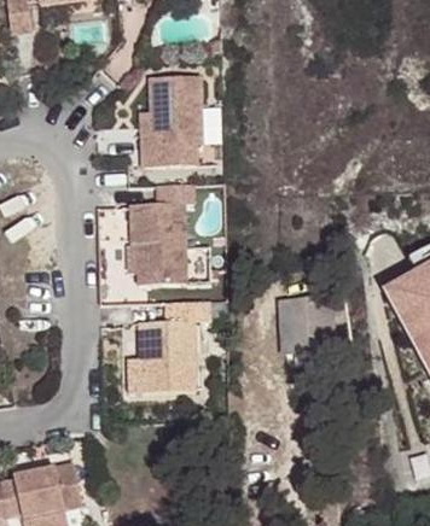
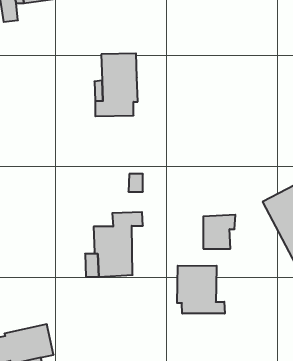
building: [129,183,192,284] -> none
building: none -> [177,266,225,314]

